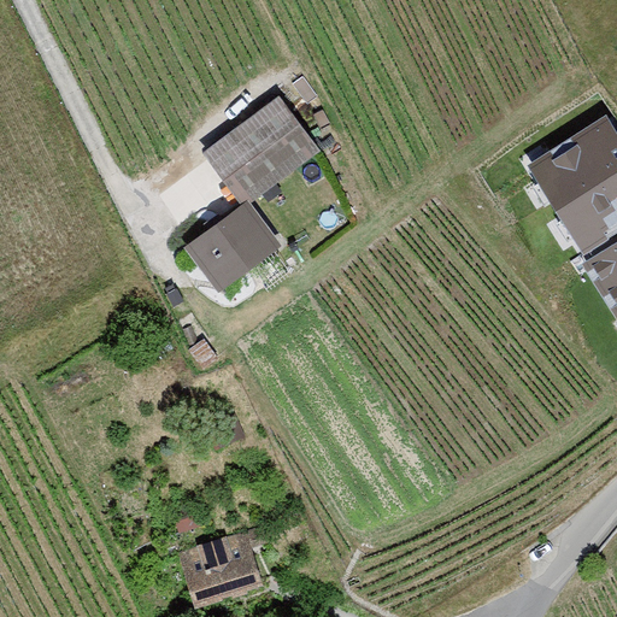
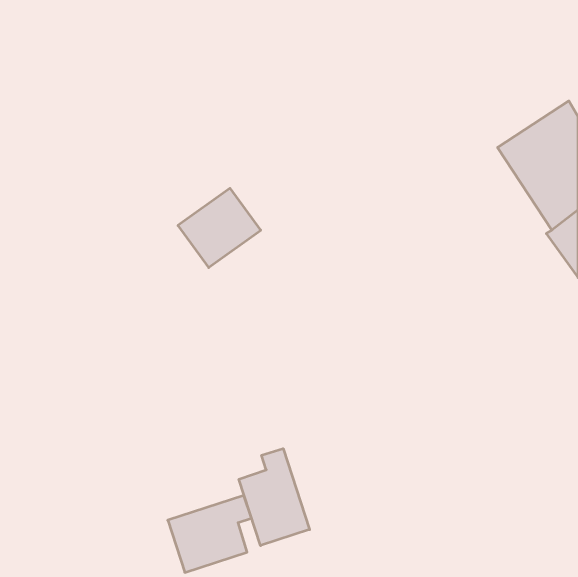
building: [212,108,318,202] -> none
building: none -> [239,449,310,546]

